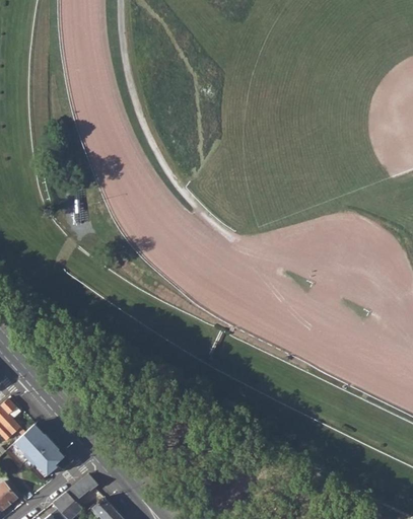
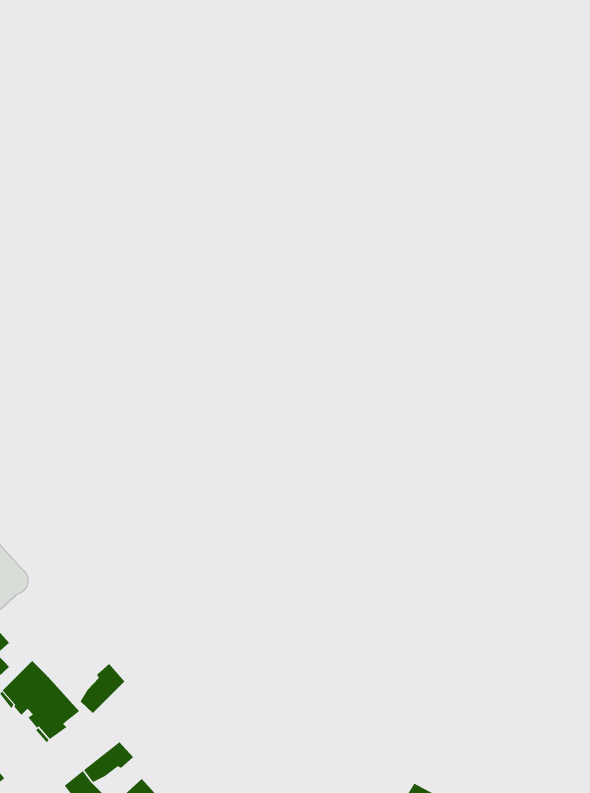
building: none -> [80,663,125,714]

